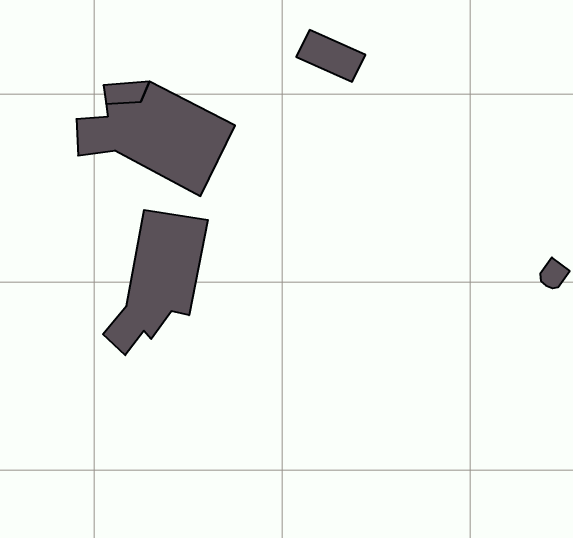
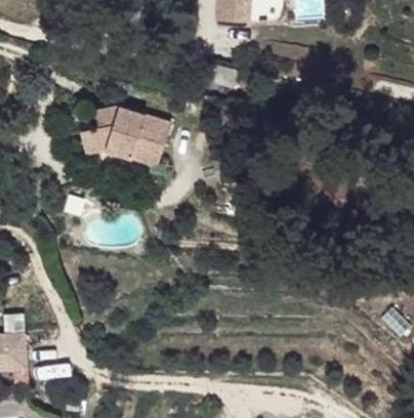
building: [103,210,208,355] -> none

